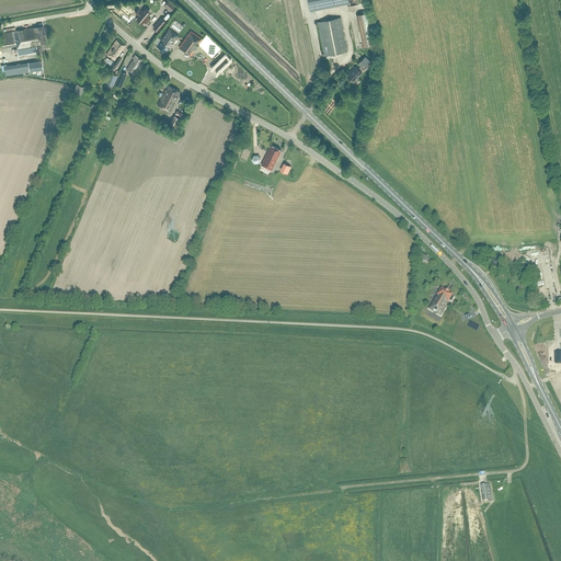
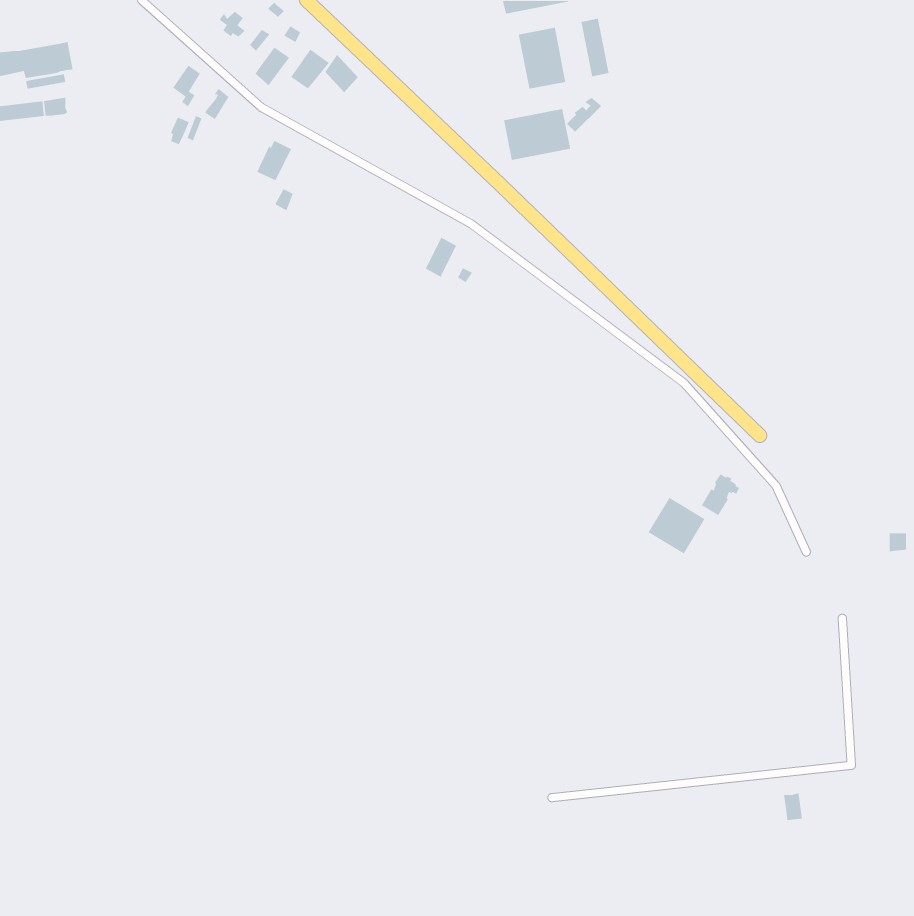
building: none -> [503,108,571,161]
building: none -> [648,497,706,554]

